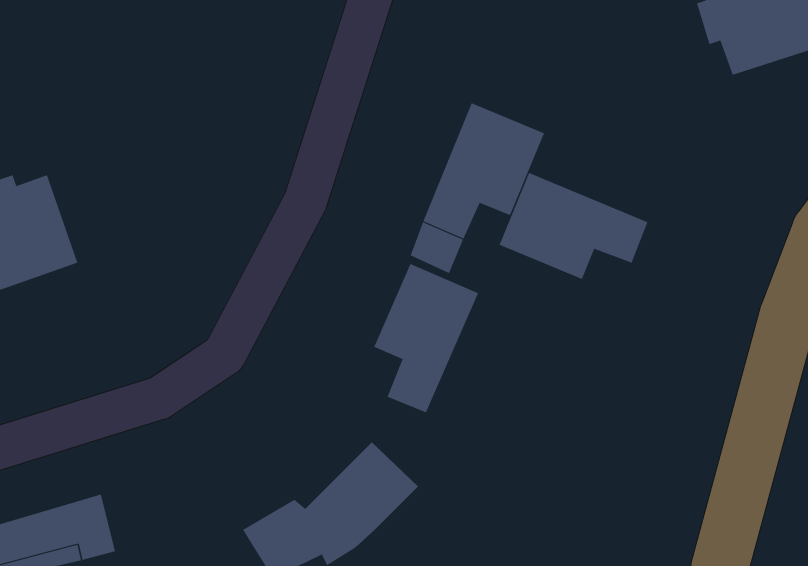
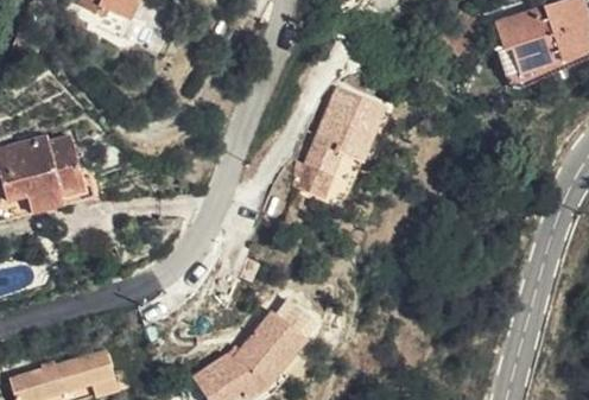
building: [499,172,648,280] -> none
building: [374,263,479,413] -> none

